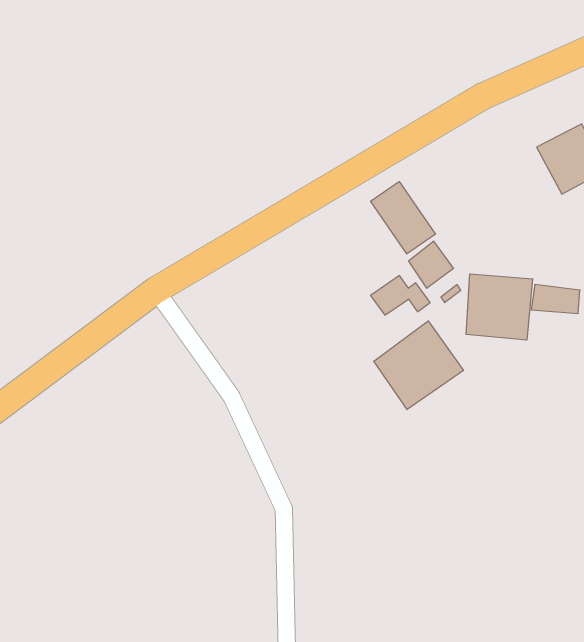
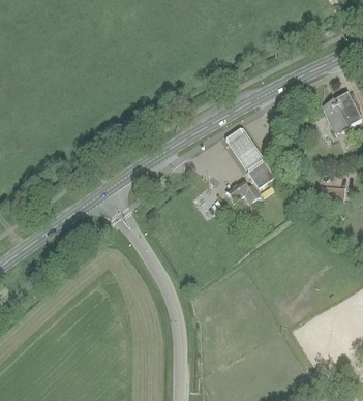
building: [466,274,532,340] -> none
building: [374,321,464,410] -> none

